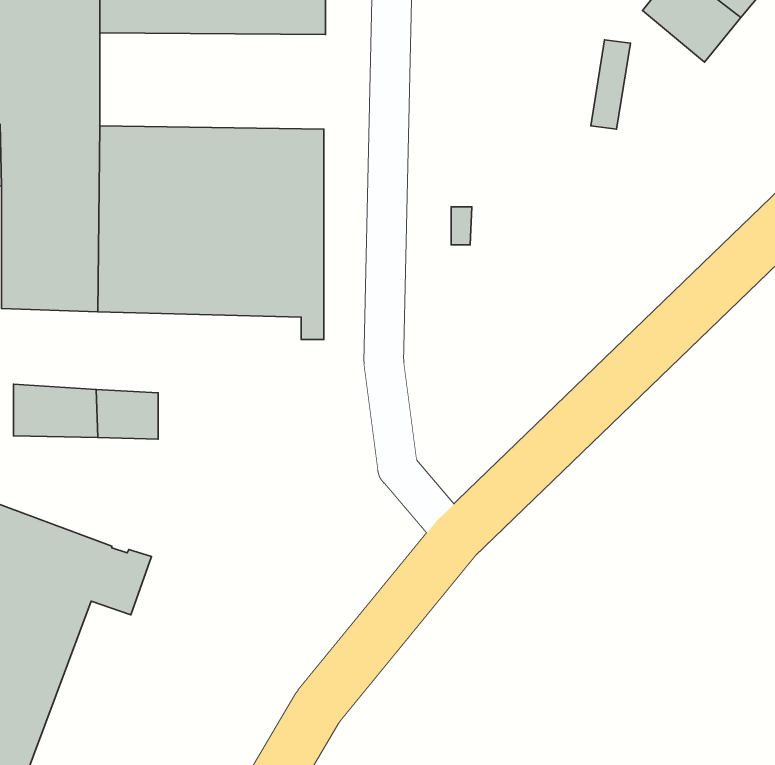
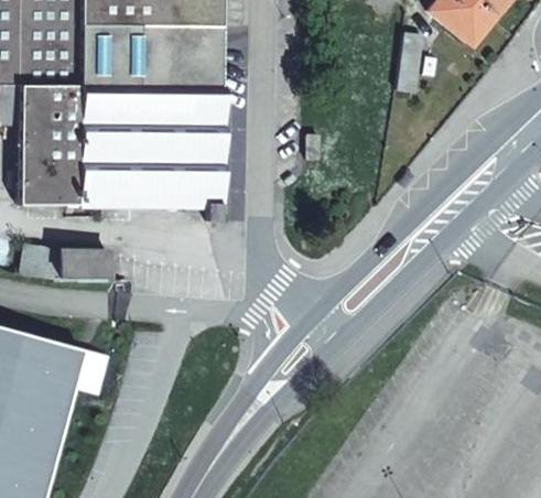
building: none -> [79,23,224,85]

